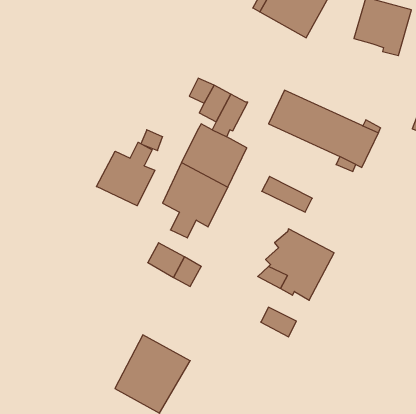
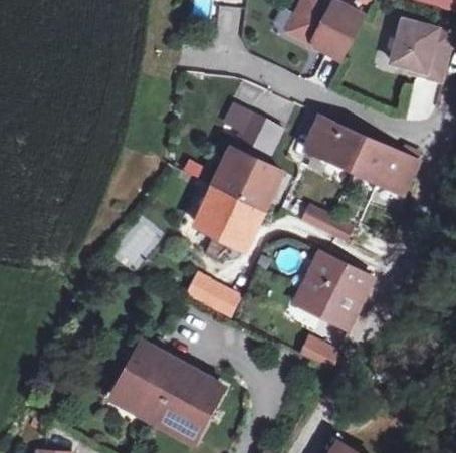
building: [96,142,155,206] -> none
building: none -> [109,341,178,417]

